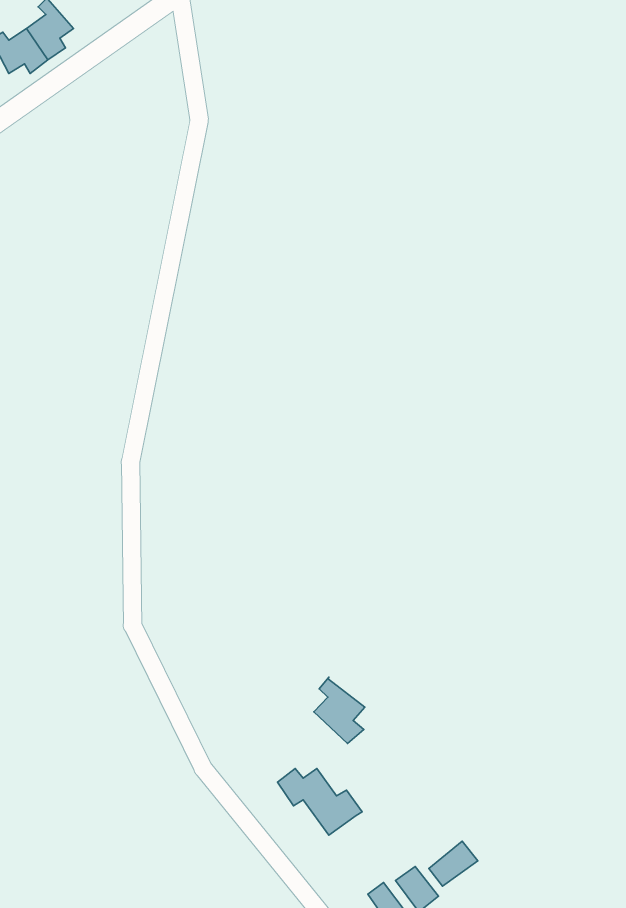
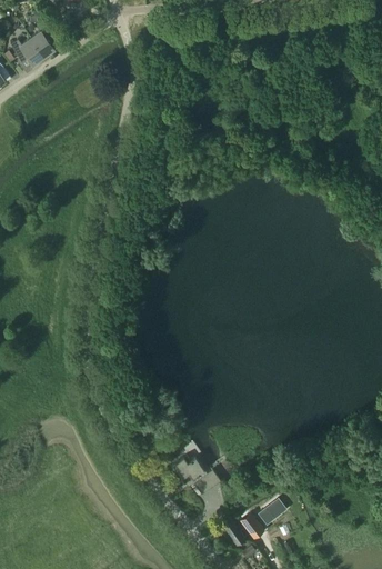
building: [314,677,365,743] -> none

